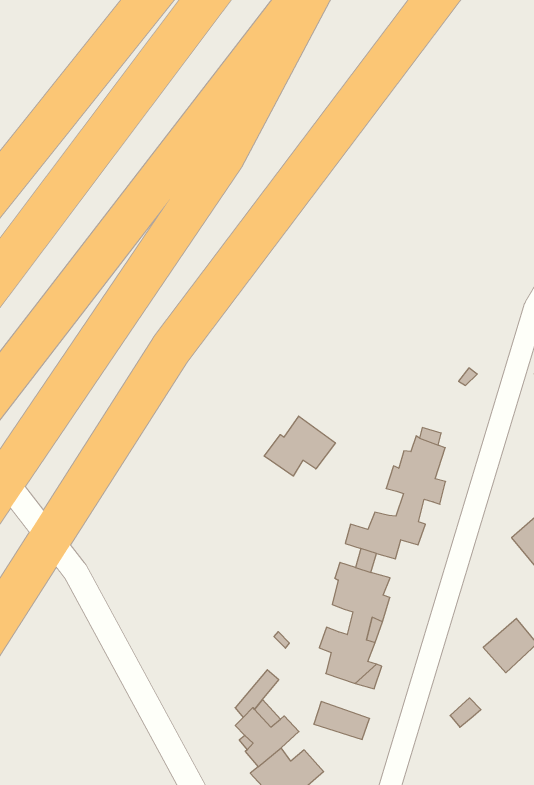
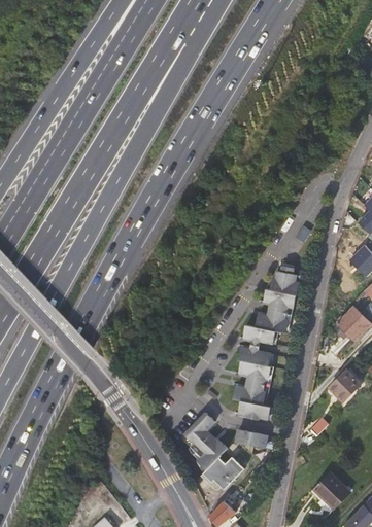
building: [264,416,335,476] -> none

